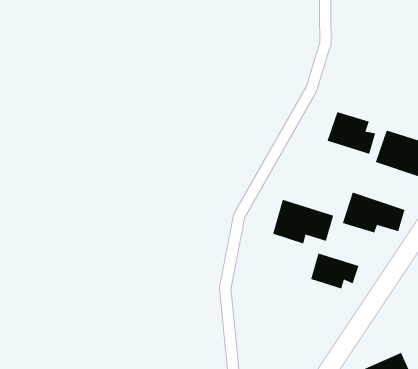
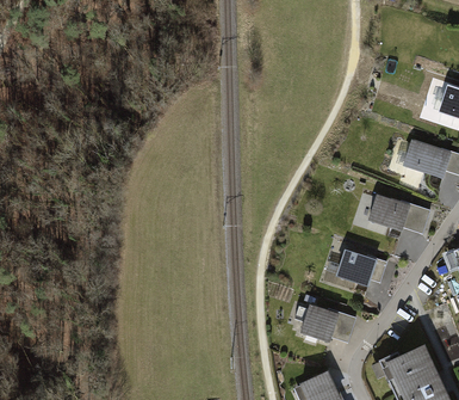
building: [327,111,376,155] -> none
building: [272,199,334,244] -> [299,301,358,344]

